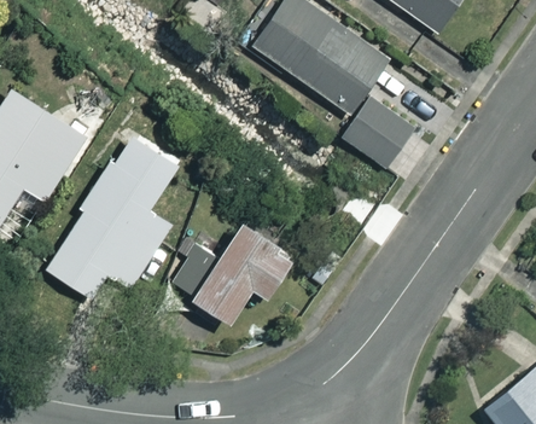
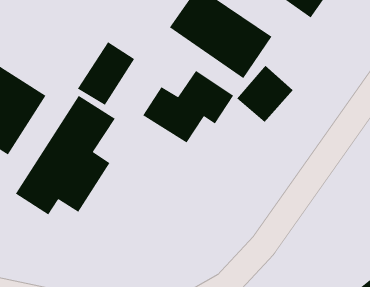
building: none -> [77,41,135,106]
building: [170,222,292,320] -> [142,70,234,144]

